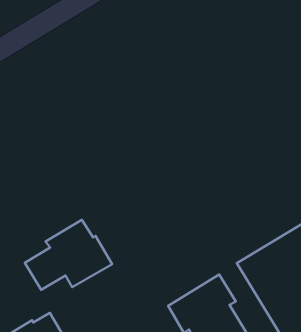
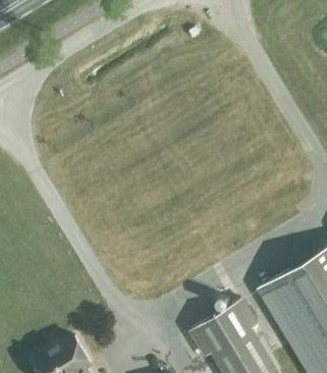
building: [25,220,112,290] -> none

